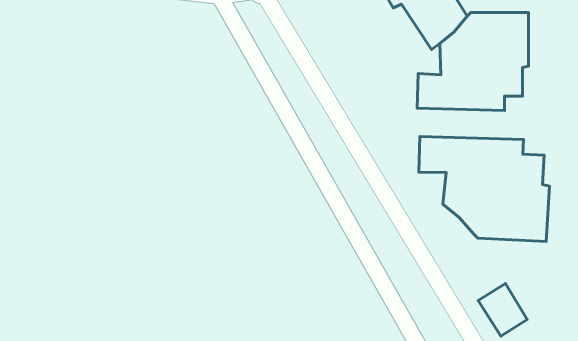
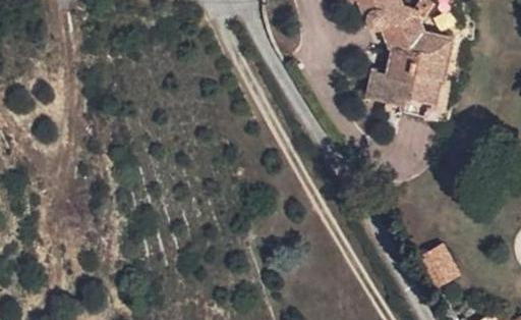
building: [419,137,549,242] -> none

